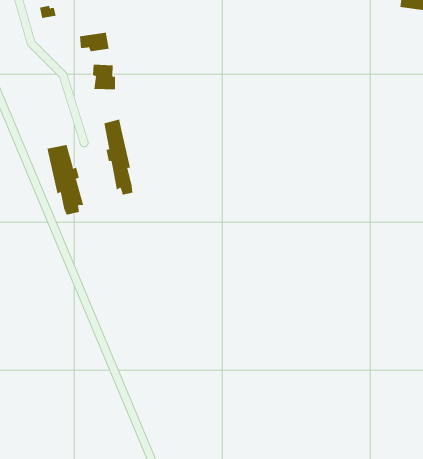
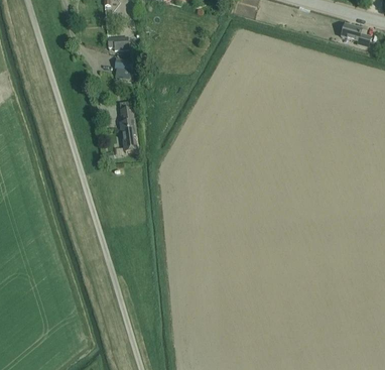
building: [47,144,84,216] -> none

